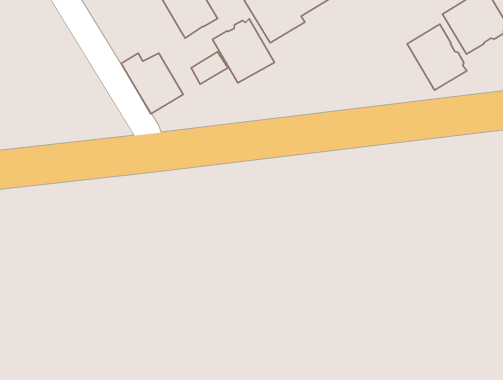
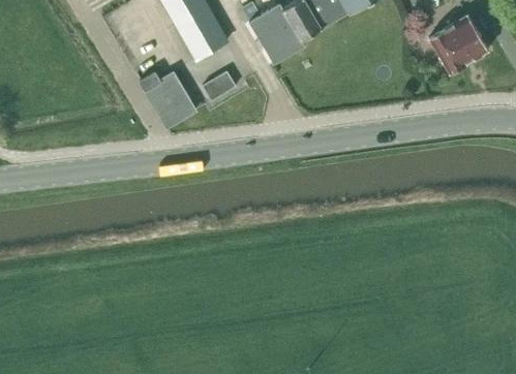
building: [213,19,275,83] -> none
building: [407,24,467,90] -> none

